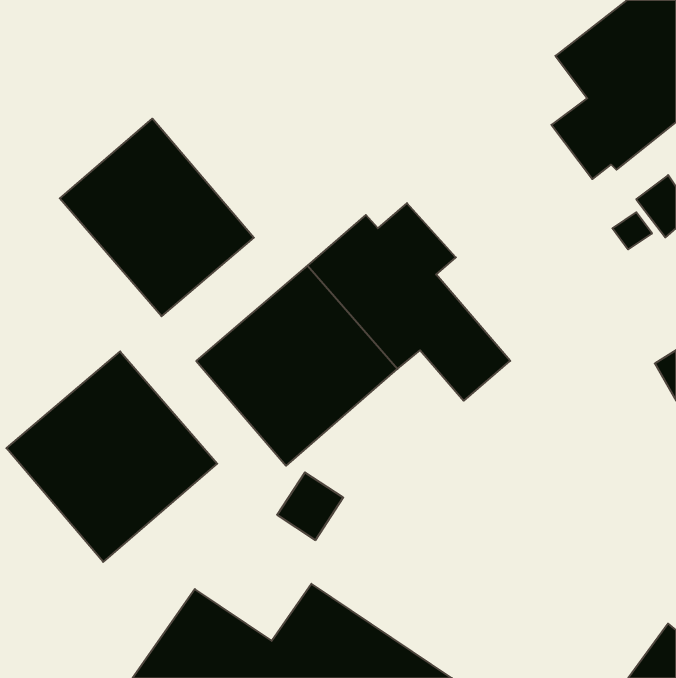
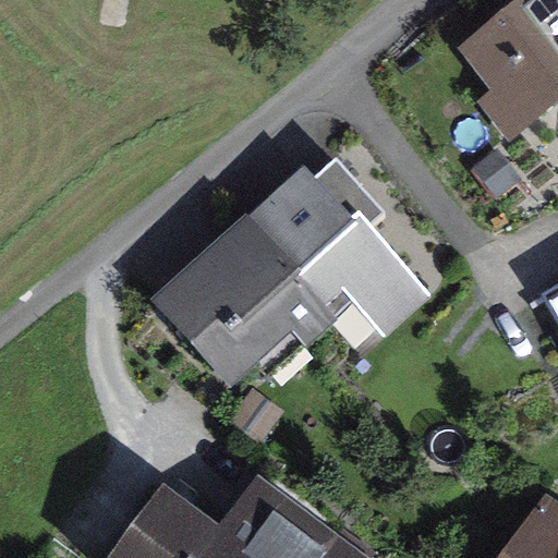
building: [60,119,254,316] -> none
building: [6,351,217,562] -> none

